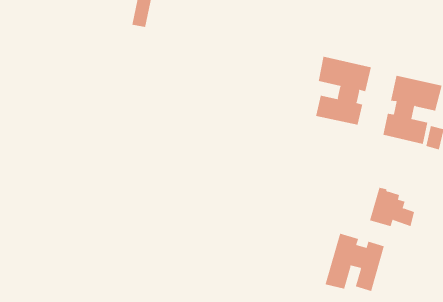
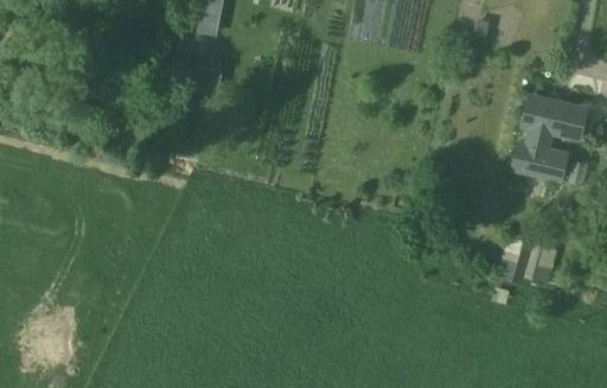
building: [315,56,371,126] -> none
building: [325,233,384,292] -> none

